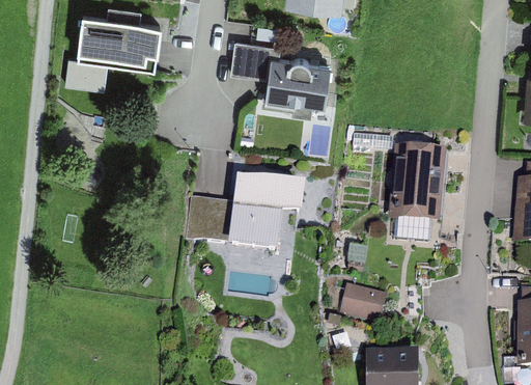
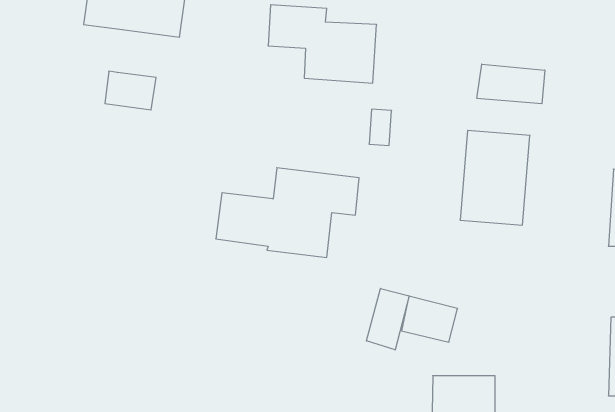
building: [66,55,109,87] -> [105,71,156,110]
building: none -> [477,64,545,104]
building: none -> [366,288,409,350]

